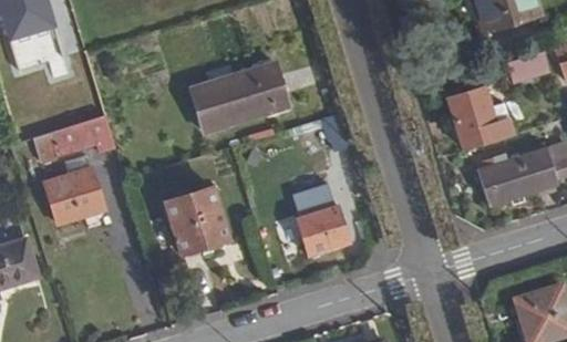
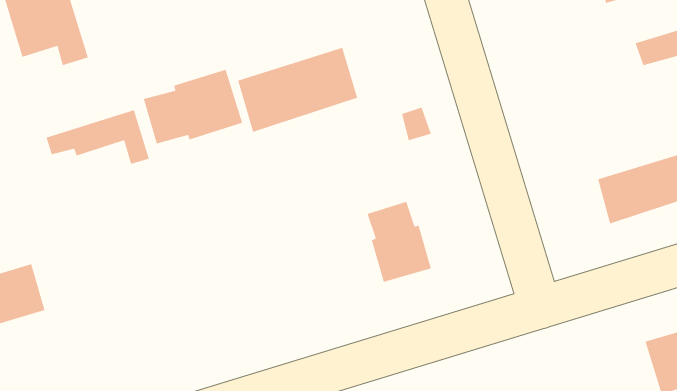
building: none -> [143,69,243,144]
building: [447,87,499,149] -> none
building: [47,169,105,225] -> none
building: [166,186,229,253] -> none

